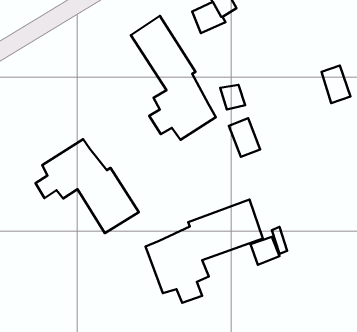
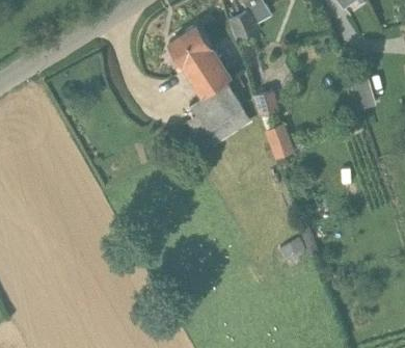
building: [36,139,139,233] -> none
building: [146,199,263,303] -> none

